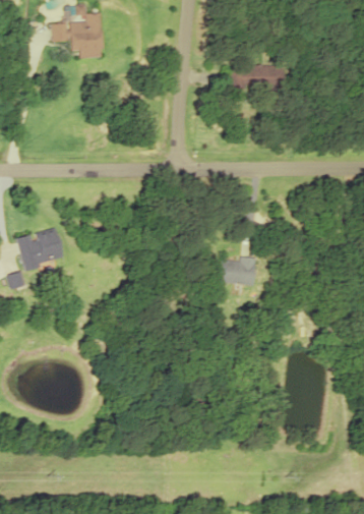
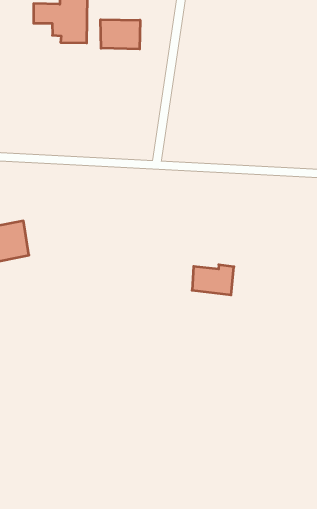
building: none -> [101,20,140,49]
building: [233,66,283,90] -> none

